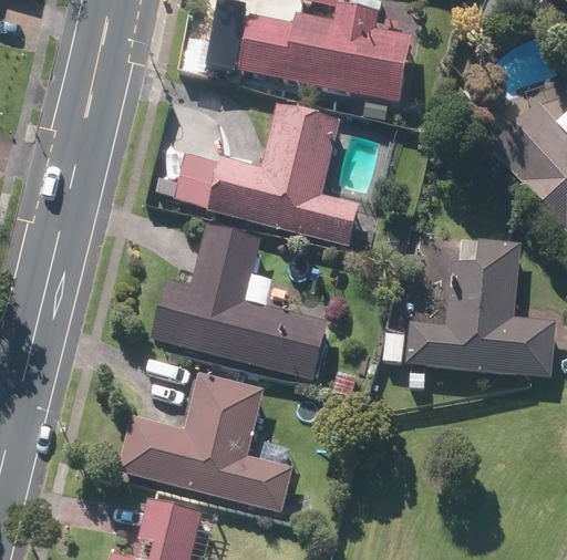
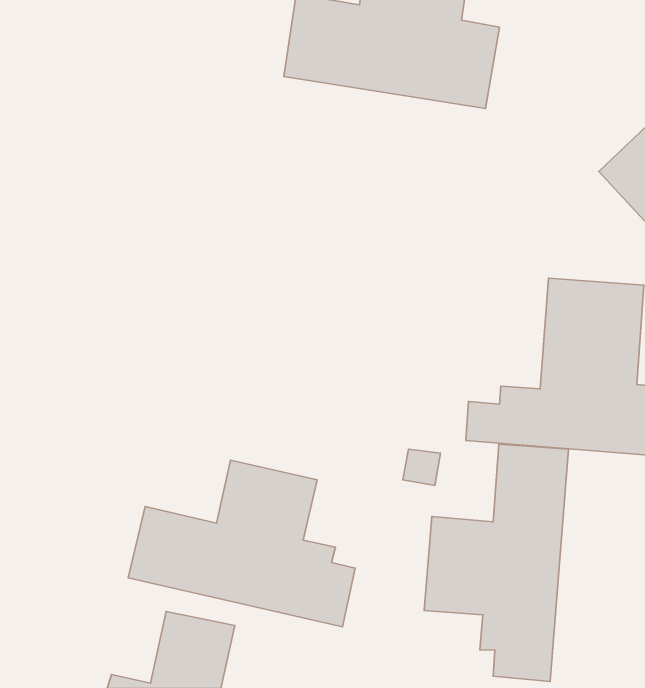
building: [172,106,360,246] -> none
building: [151,228,328,380] -> none
building: none -> [424,444,569,682]

